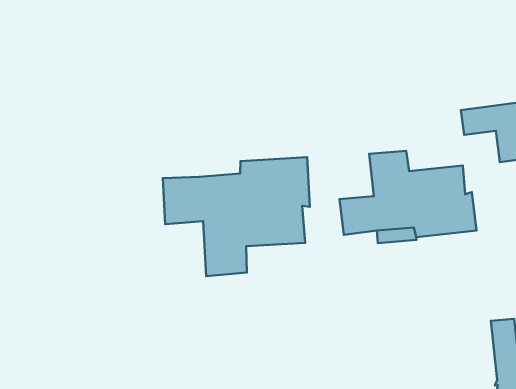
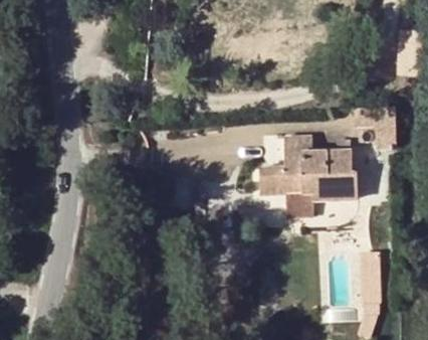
building: [163,157,310,276] -> none

